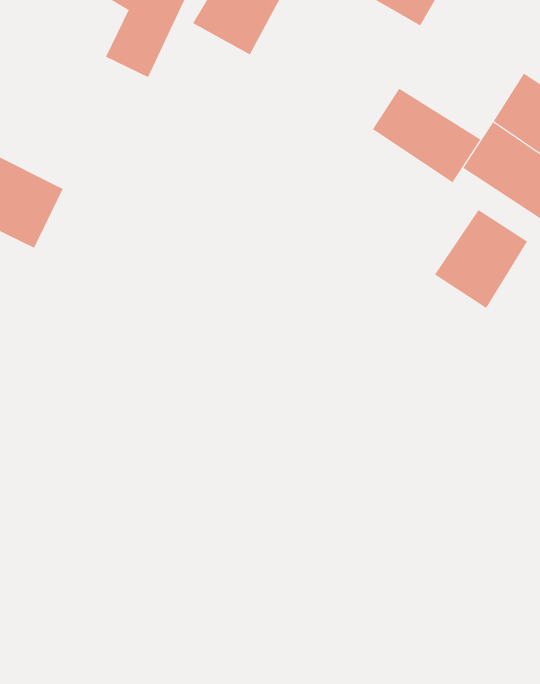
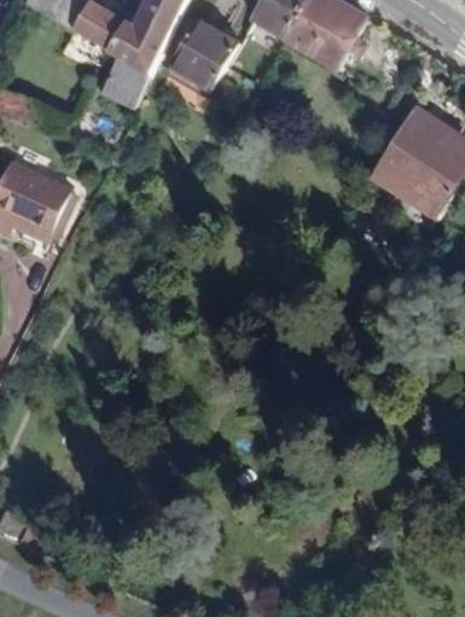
building: [372,88,481,183] -> none
building: [434,209,528,309] -> none

